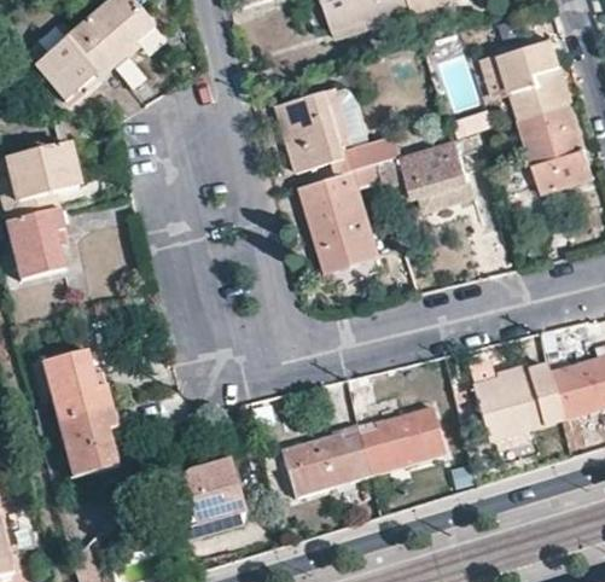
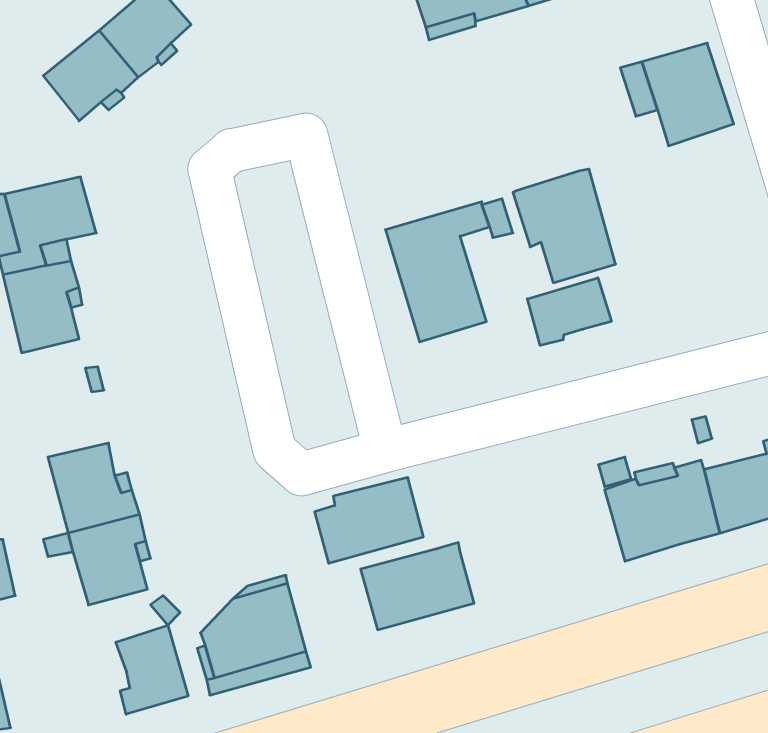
building: [277,87,402,174] -> none
building: [517,103,593,193] -> none
building: none -> [527,278,611,345]
building: [359,408,443,475] -> [315,478,423,563]
building: none -> [116,625,188,714]

